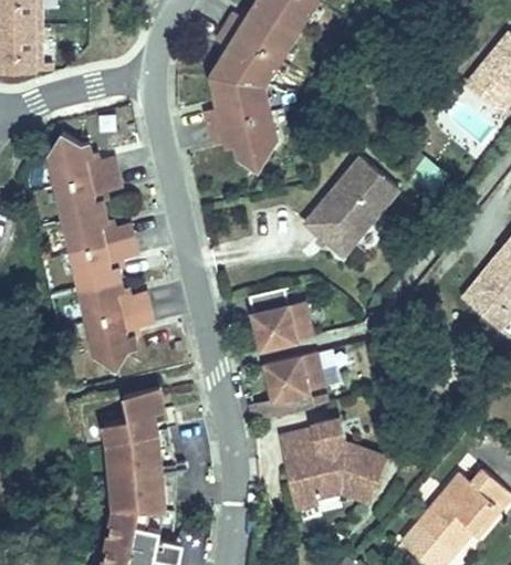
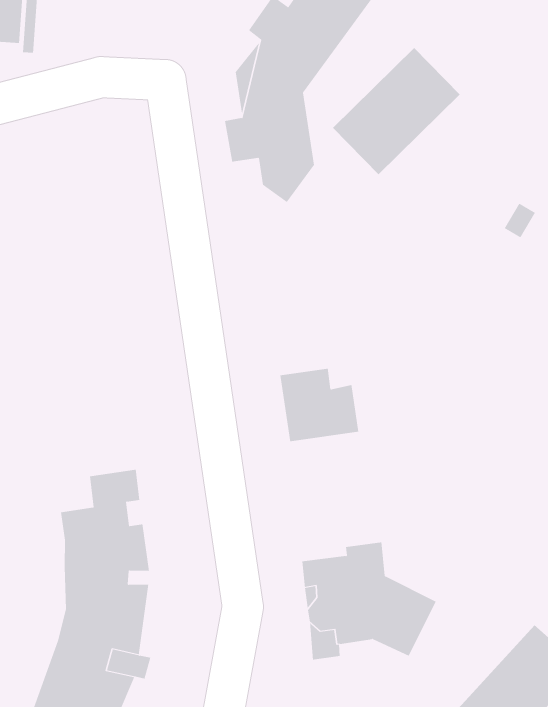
building: [56,136,158,372] -> none
building: [294,155,389,253] -> [332,47,461,175]
building: [270,354,328,417] -> none

